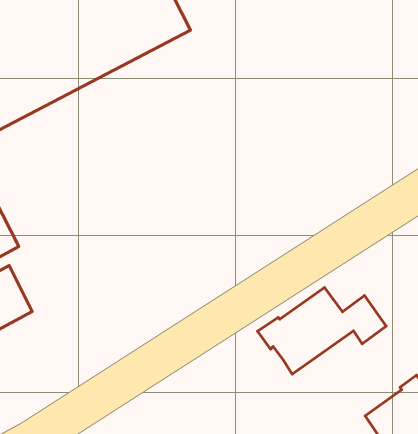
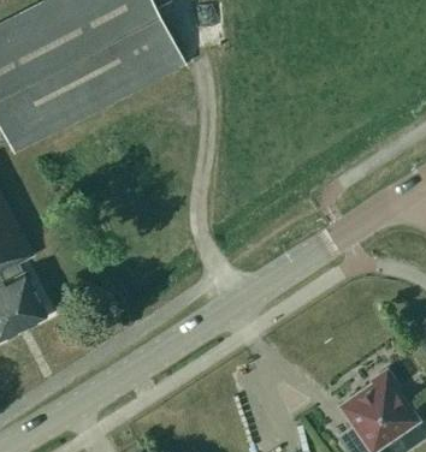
building: [257,288,386,374] -> none

